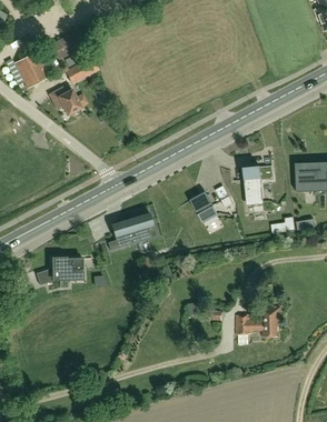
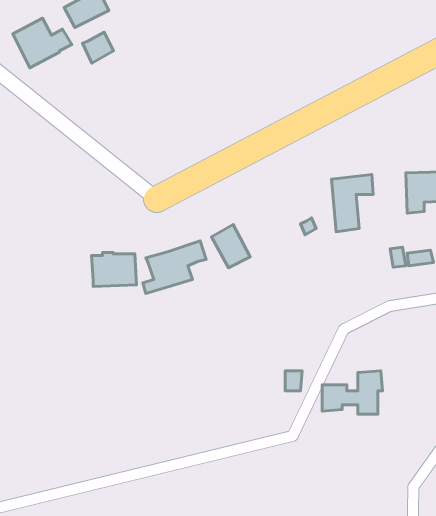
building: [49,86,81,114] -> none
building: [190,191,218,222] -> [212,224,250,268]
building: [51,257,83,281] -> [92,252,136,286]

